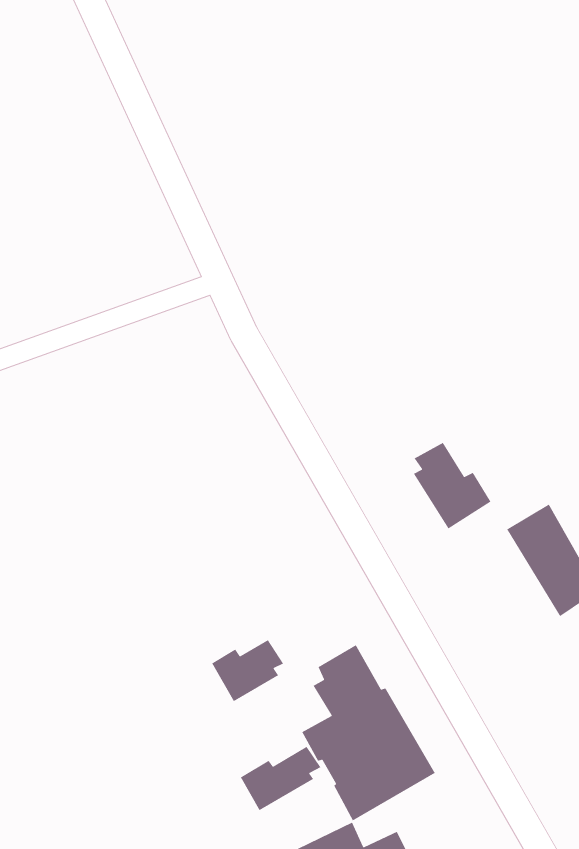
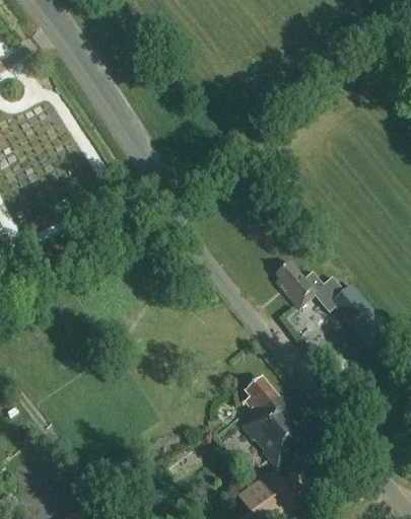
building: [211,639,284,702] -> none
building: [240,746,322,811] -> none

